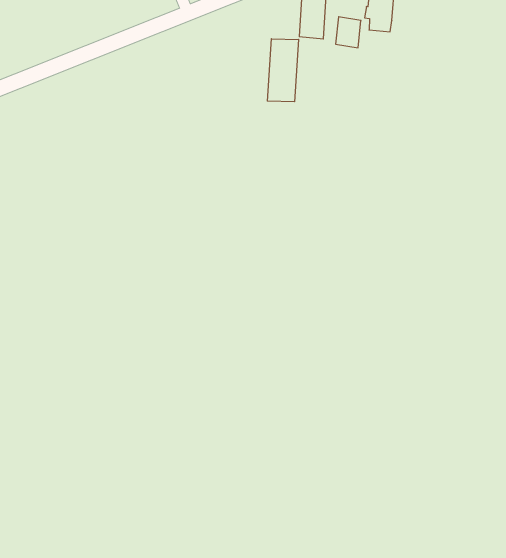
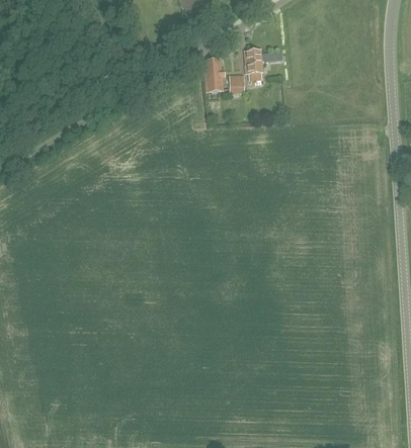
building: [267,39,299,102] -> none

